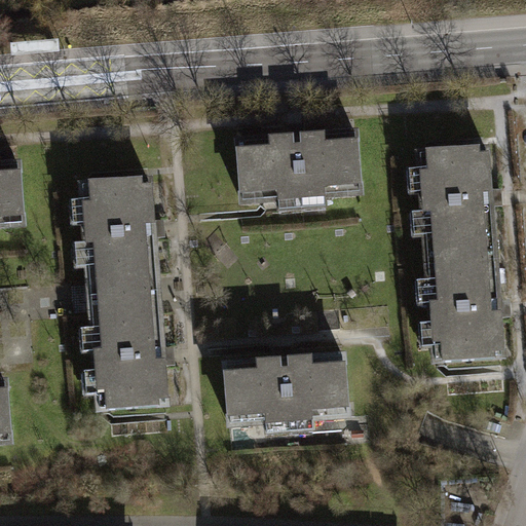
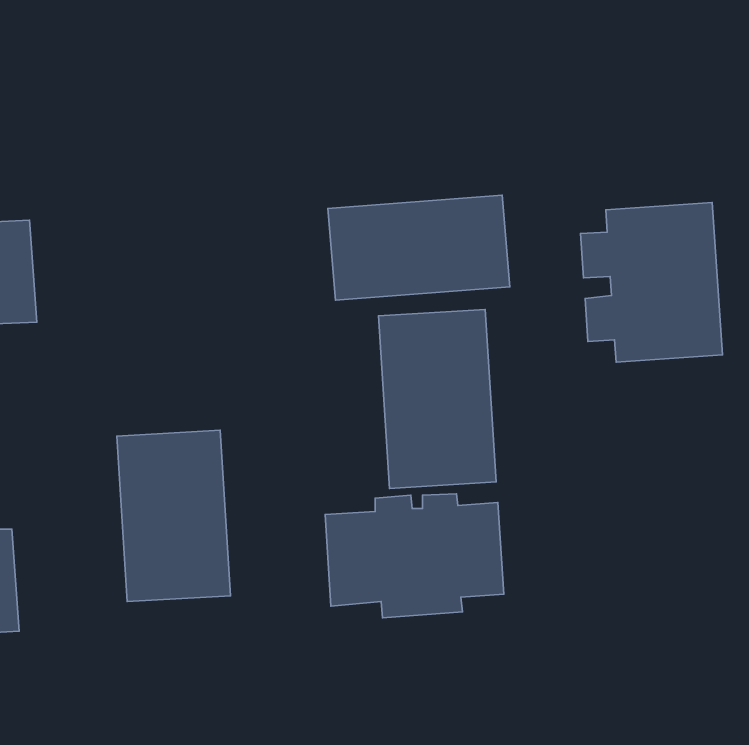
building: [74,184,153,303] -> none
building: none -> [378,309,496,488]
building: [411,247,511,359] -> none

